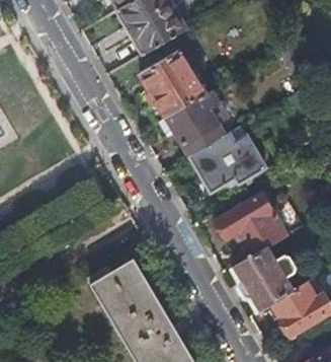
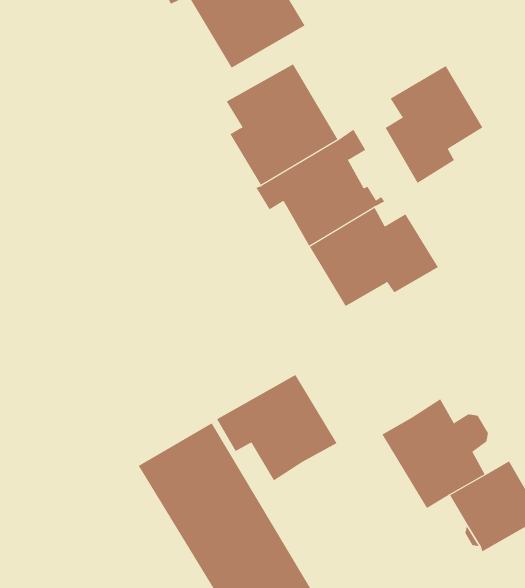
building: none -> [385,65,483,184]
building: [216,194,286,257] -> [216,374,337,481]

